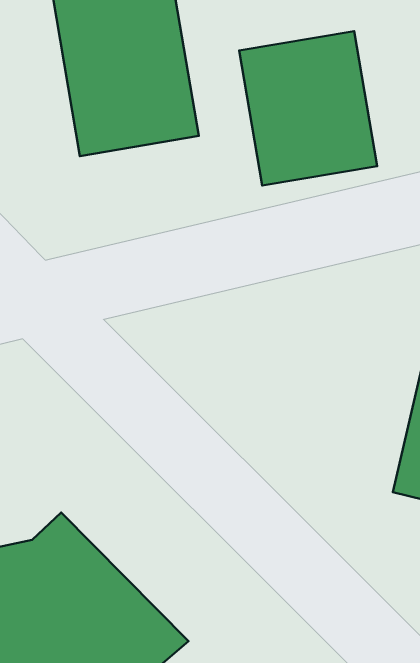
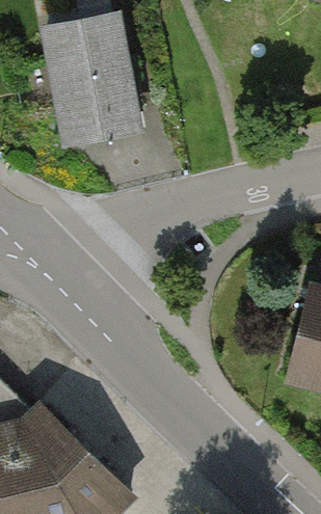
building: [239,31,377,186] -> none

